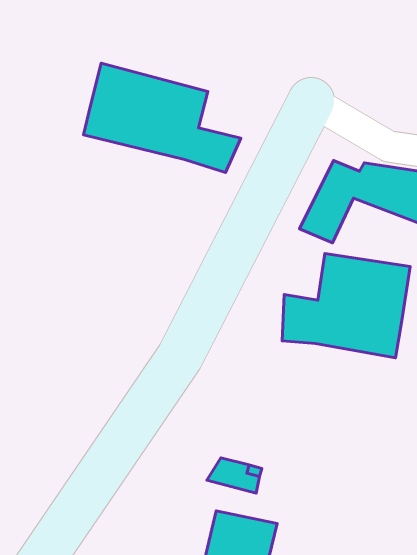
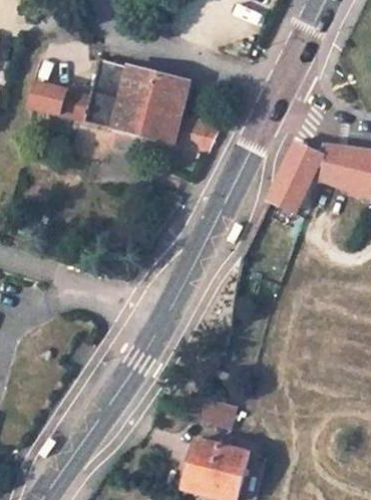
building: none -> [27,79,88,120]
building: [282,254,410,358] -> none

